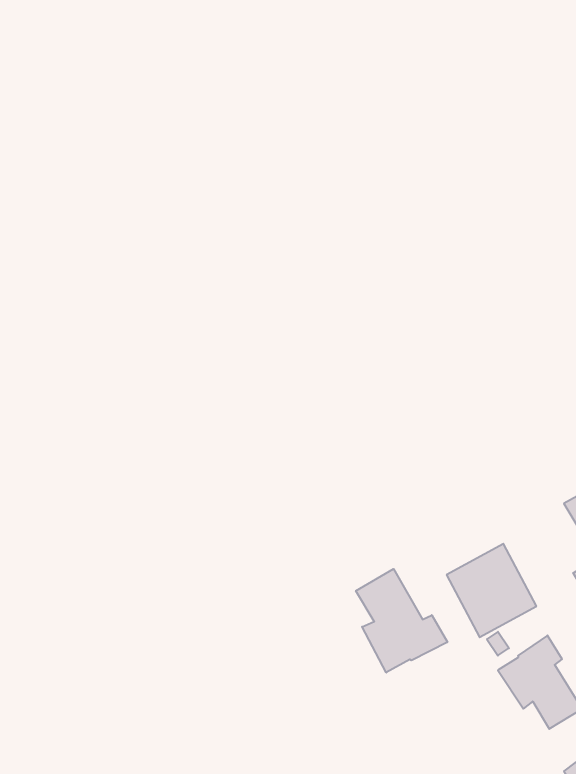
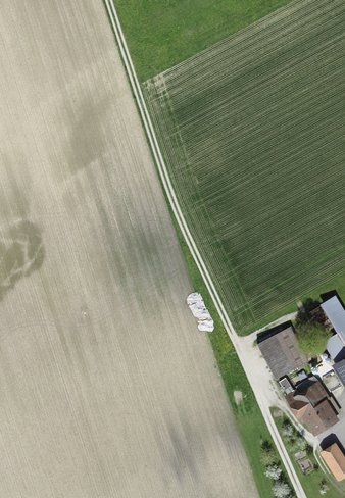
building: [356,569,447,673] -> none

